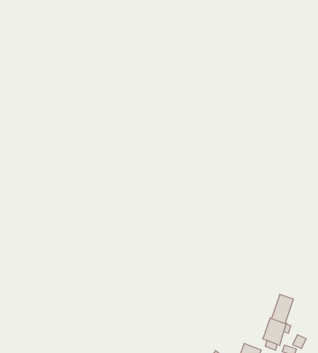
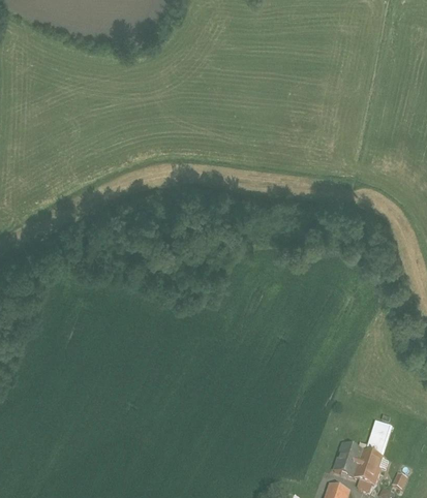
building: none -> [332,441,363,475]

